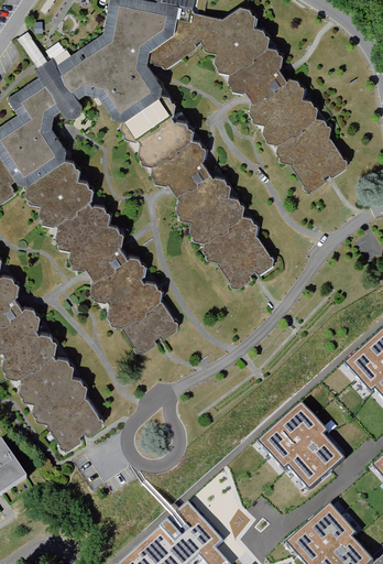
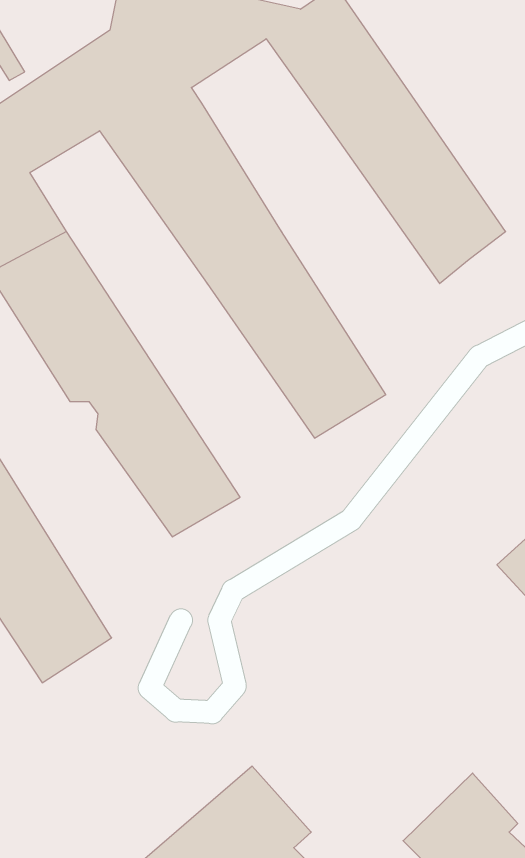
building: [255,408,342,490] -> none

